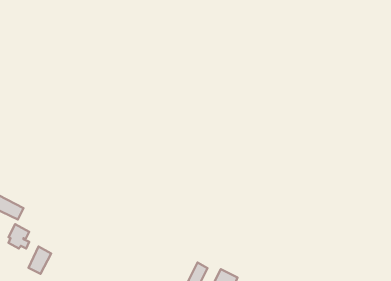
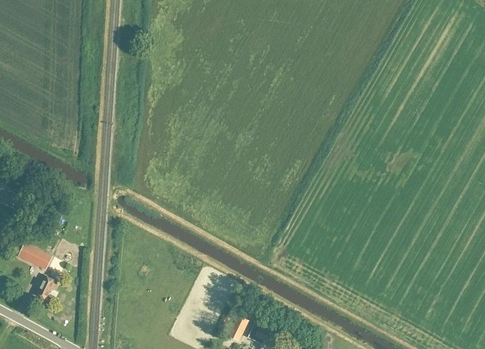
building: [28,247,51,274] -> none

